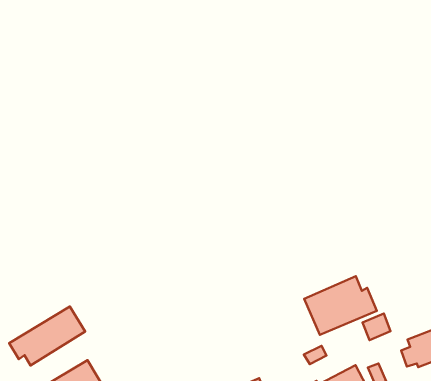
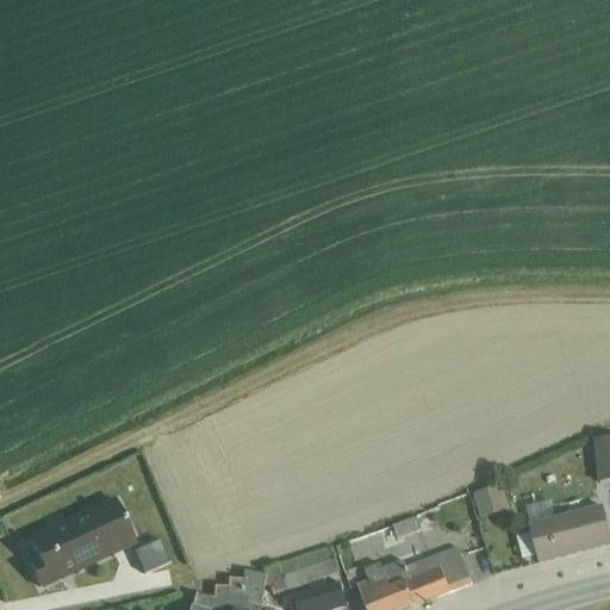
building: [304,276,377,335] -> none
building: [9,306,85,365] -> none

